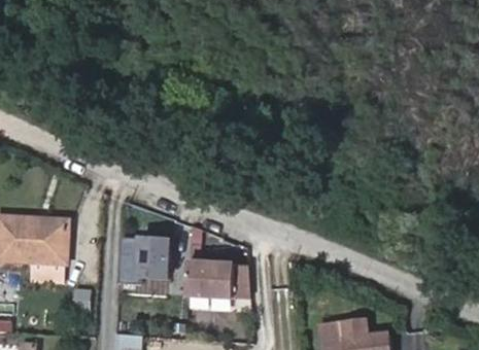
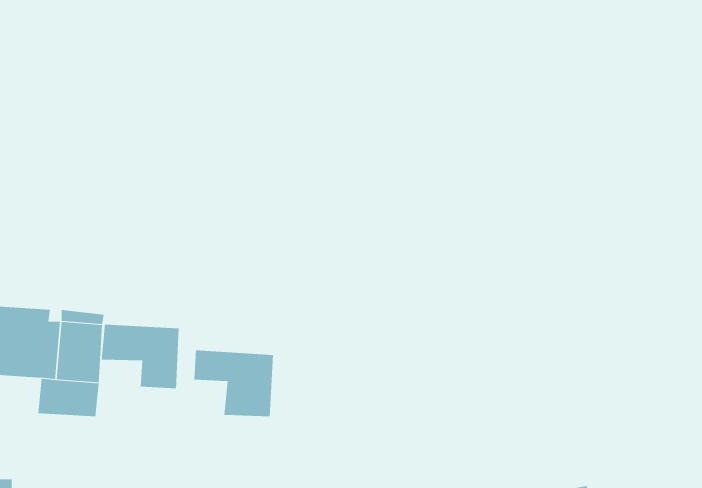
building: none -> [101,324,179,389]
building: [185,261,235,298] -> none

